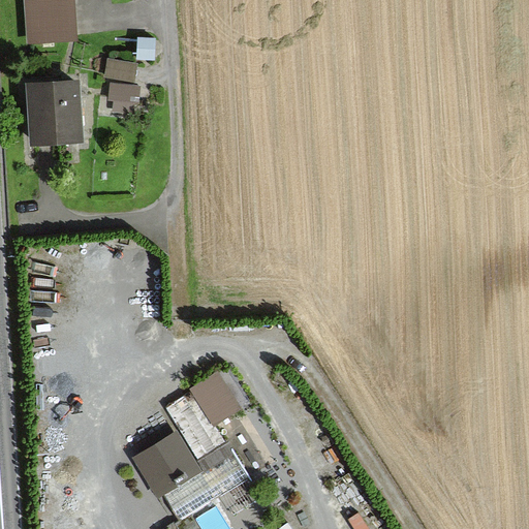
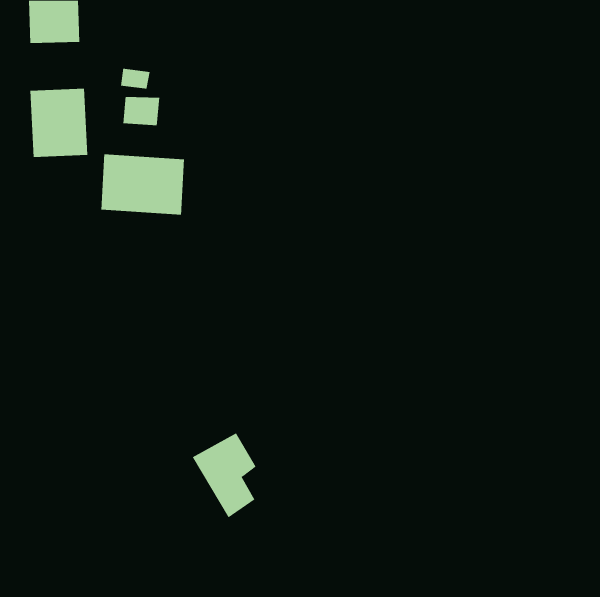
building: none -> [101,153,184,216]
building: [134,430,249,519] -> none

